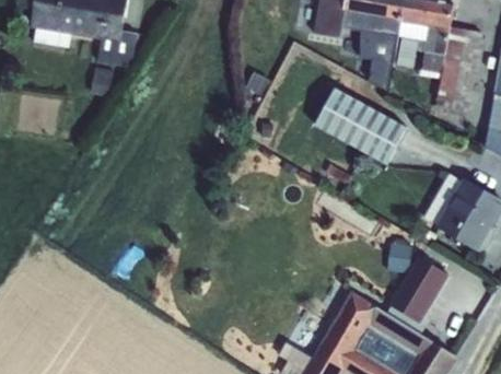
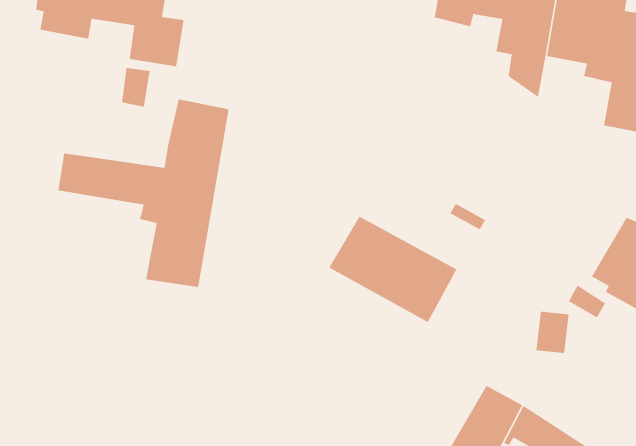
building: [315,89,407,165] -> [328,215,458,323]
building: none -> [57,99,229,288]
building: [393,254,448,319] -> none

